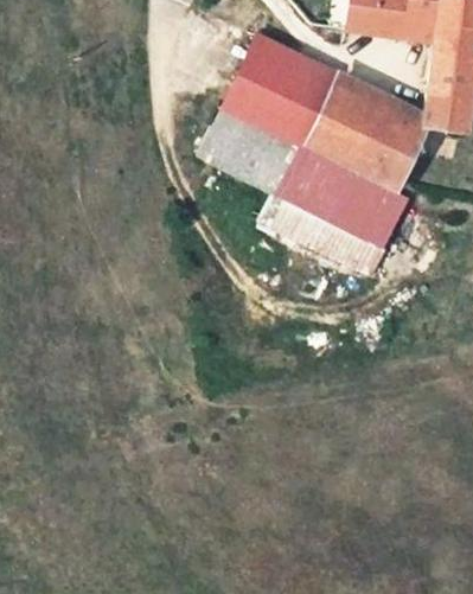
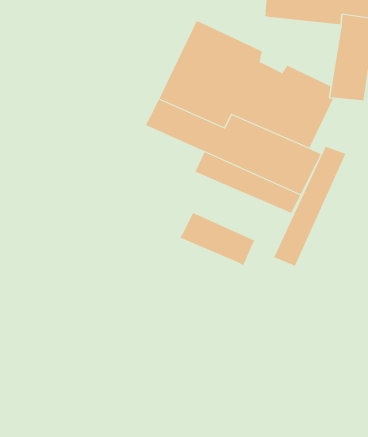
building: none -> [273,146,346,267]
building: none -> [180,212,255,266]

